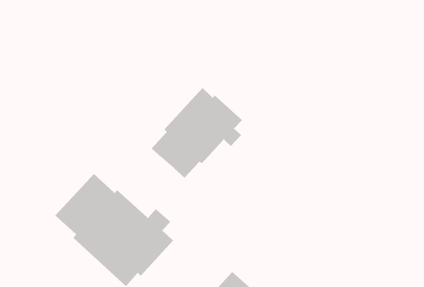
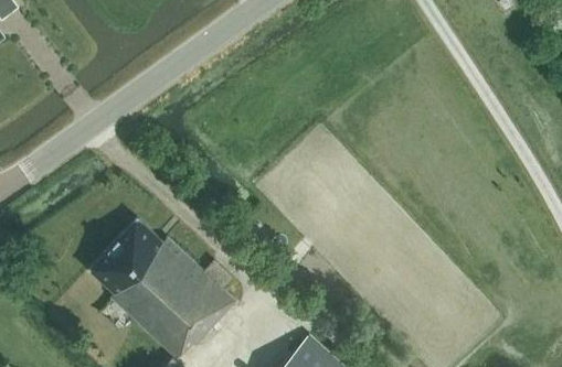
building: [151,87,243,179] -> none

